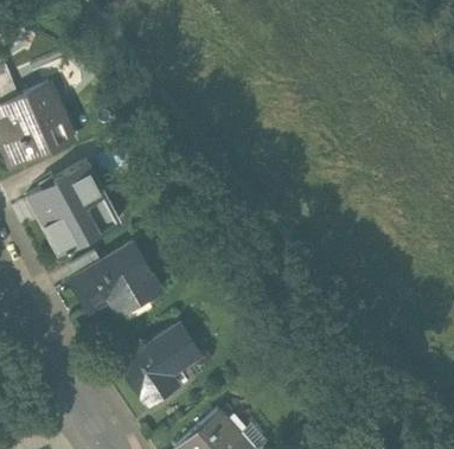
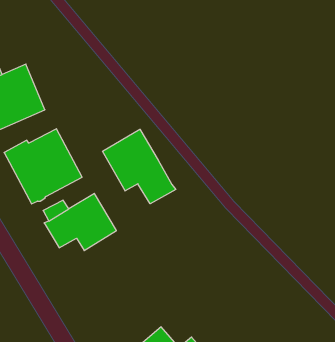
building: none -> [103,129,176,204]
building: [120,326,199,405] -> none

